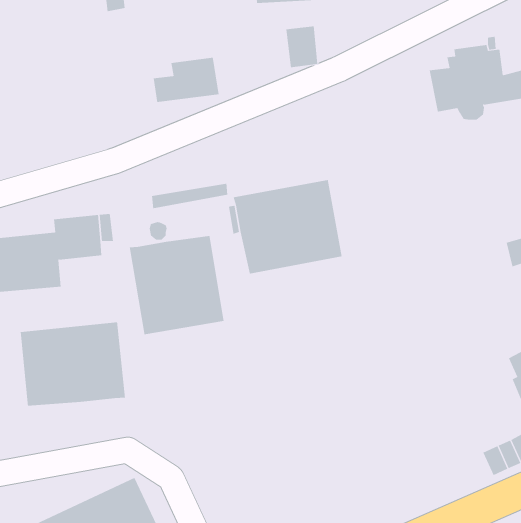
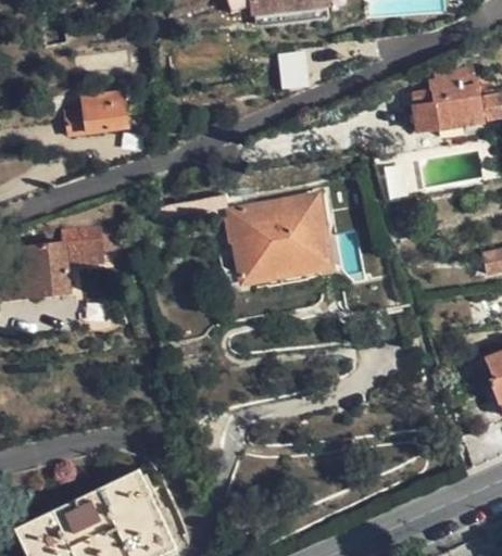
building: [153,57,219,103] -> [67,91,129,134]
building: [129,235,224,335] -> none
building: [20,322,125,407] -> none

